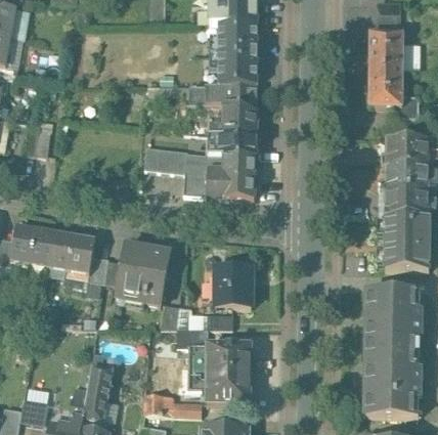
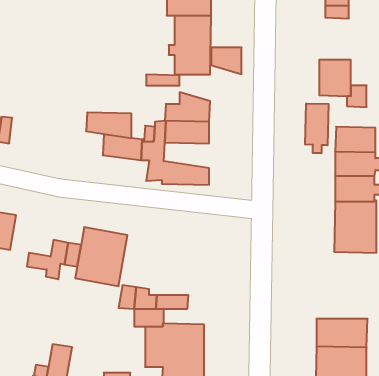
building: [369,32,402,69] -> none
building: [224,84,256,112] -> [211,48,242,74]
building: none -> [305,103,329,153]
building: [208,155,255,181] -> [86,113,131,138]
building: [48,230,96,273] -> none
building: [215,265,252,306] -> none
building: [366,289,420,338] -> none

